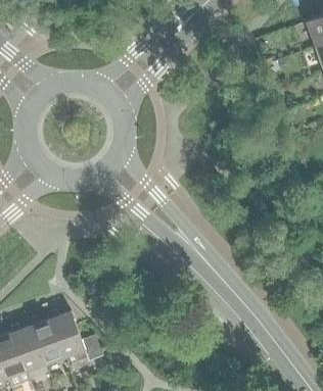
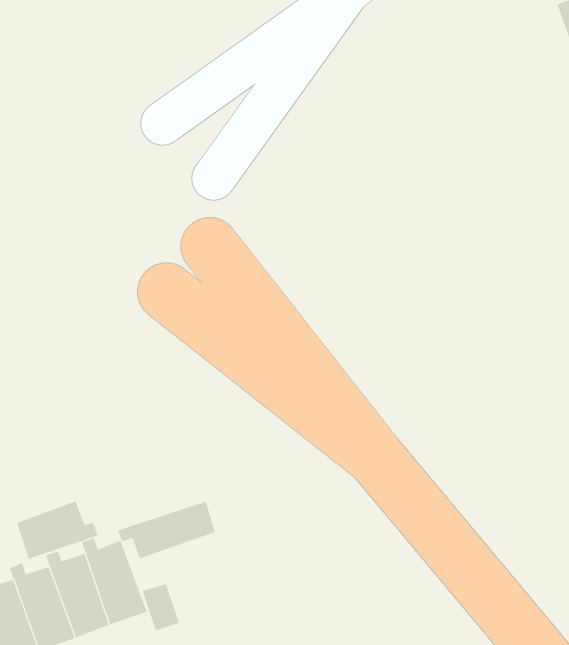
building: none -> [16,500,99,559]
building: none -> [117,501,216,559]

